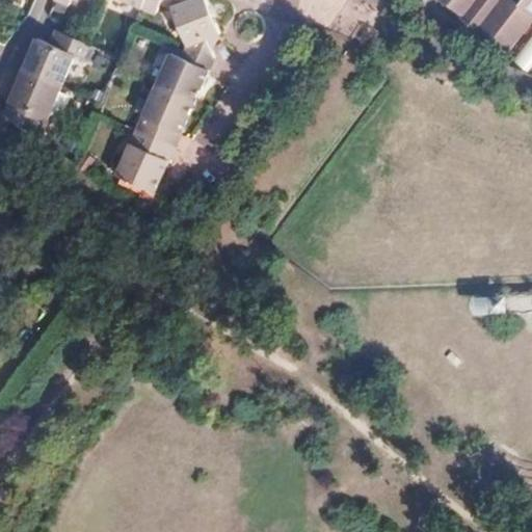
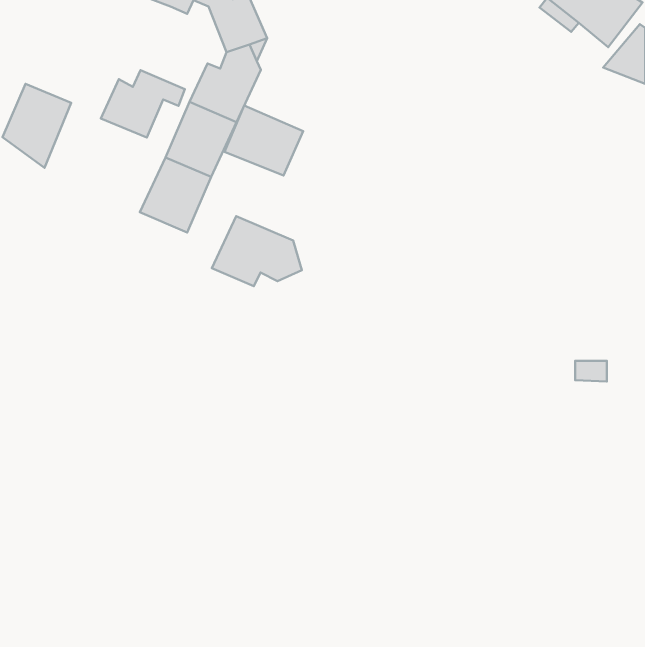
building: [21,29,89,84] -> [101,70,185,138]
building: none -> [224,106,303,175]
building: none -> [212,216,302,286]

